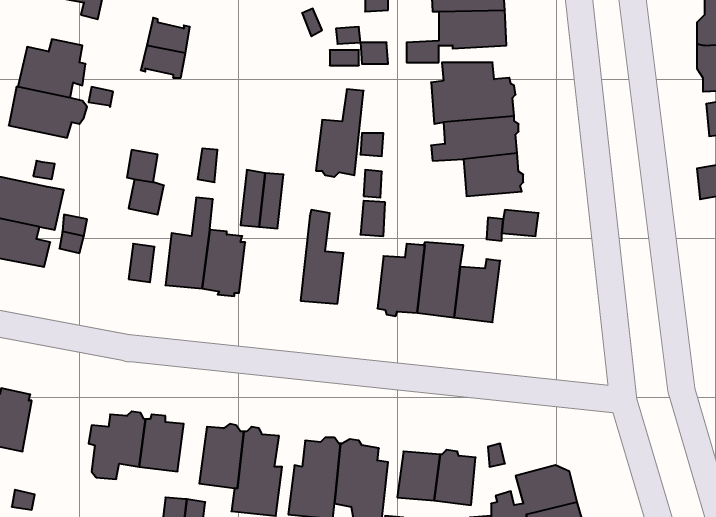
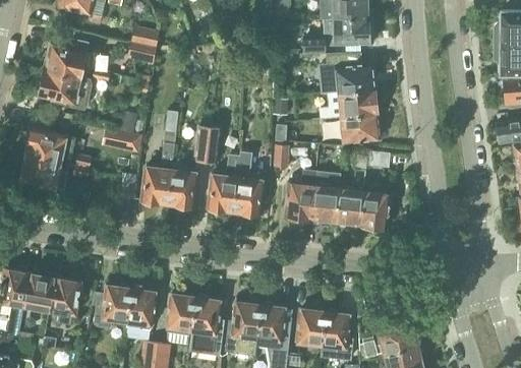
building: [316,89,364,177] -> [208,155,239,212]
building: none -> [360,184,393,229]
building: none -> [49,278,83,325]

